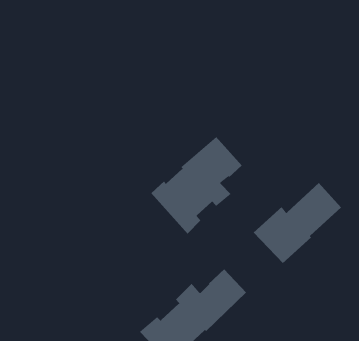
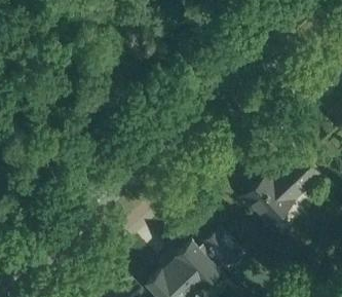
building: [150,136,243,235] -> none

